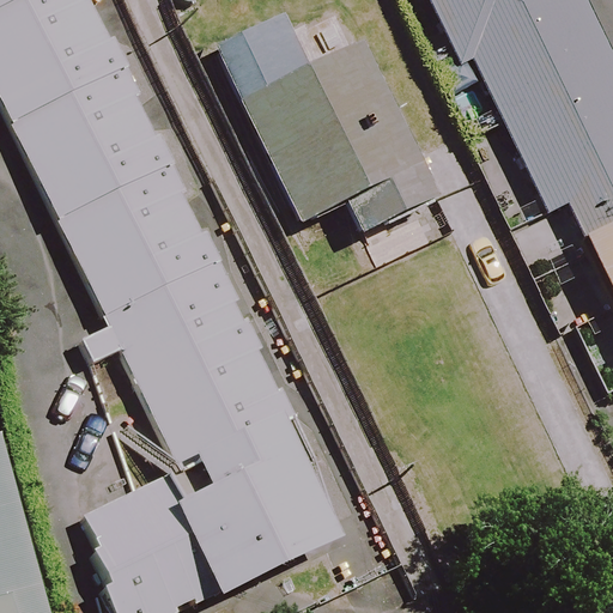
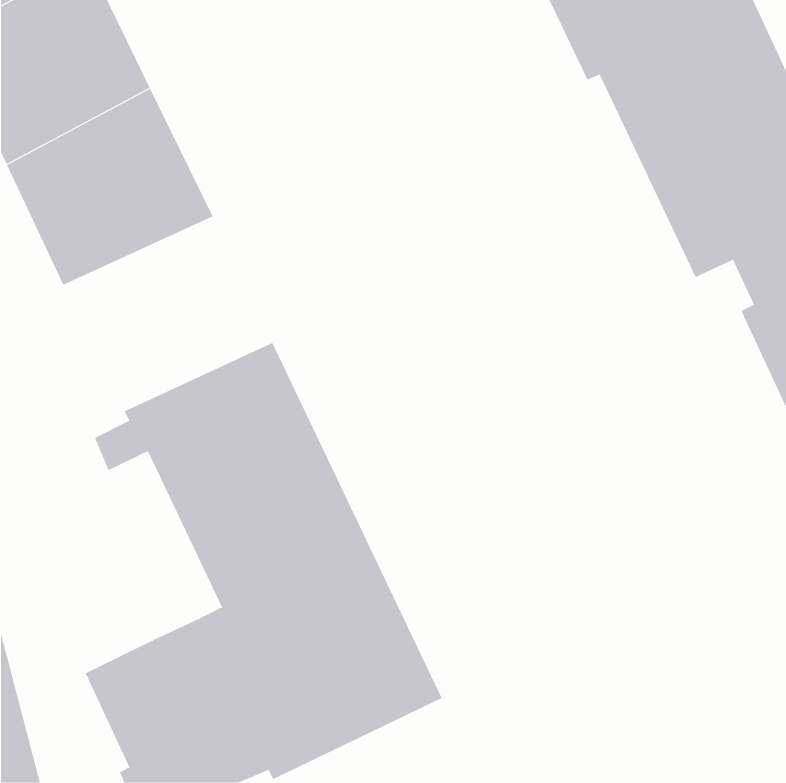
building: [217,11,431,231] -> none
building: [60,165,220,314] -> none

